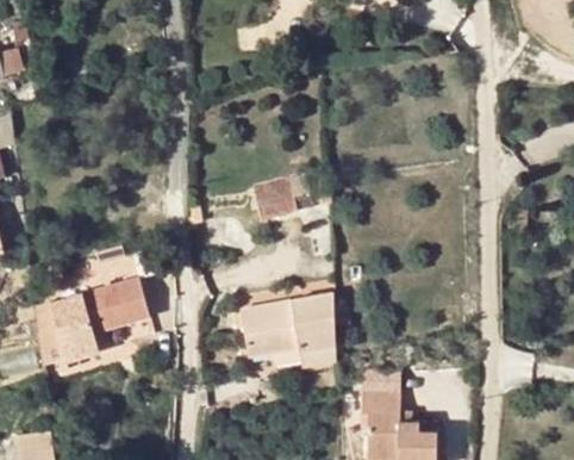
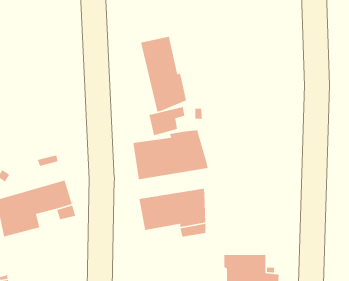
building: none -> [140,36,187,113]
building: none -> [132,130,208,180]

